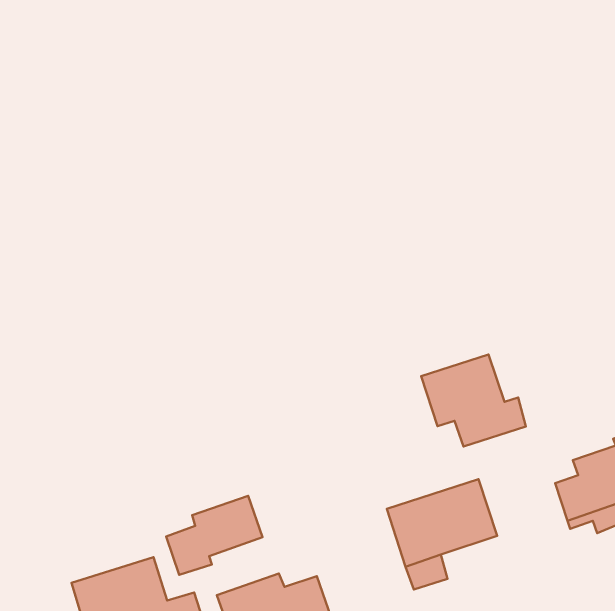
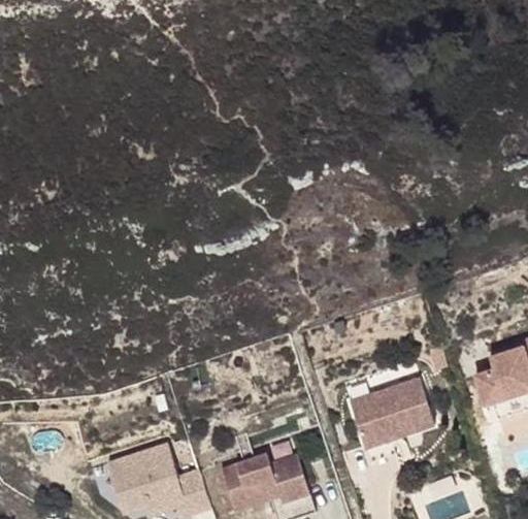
building: [421,354,526,447] -> none
building: [166,496,263,575] -> none

